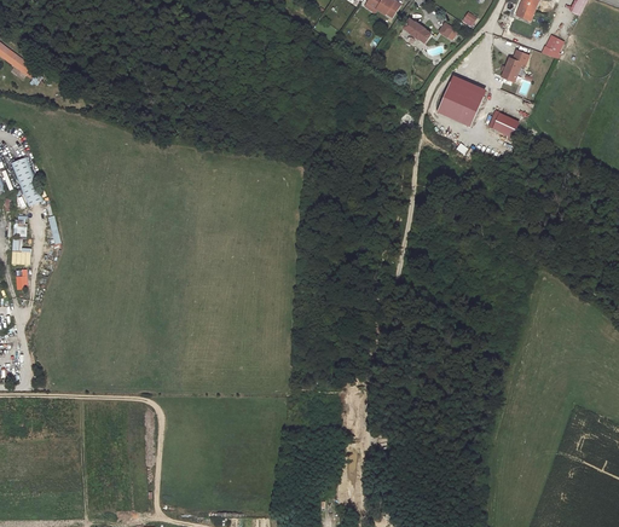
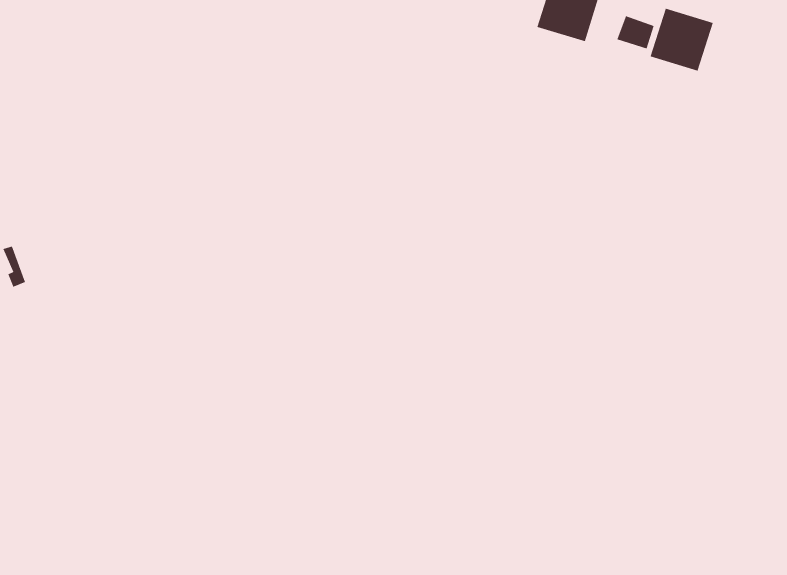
building: none -> [650,8,713,71]

